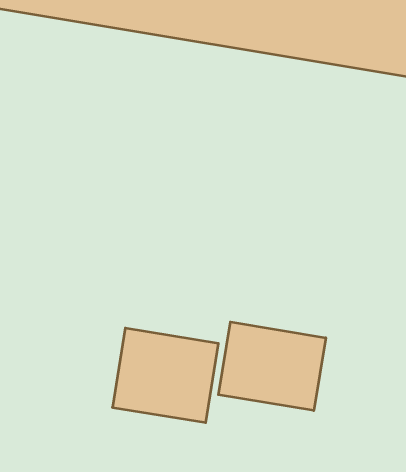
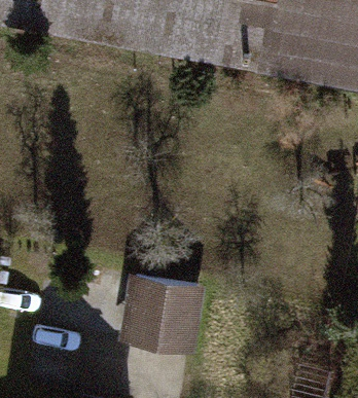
building: [218,322,326,411] -> none

